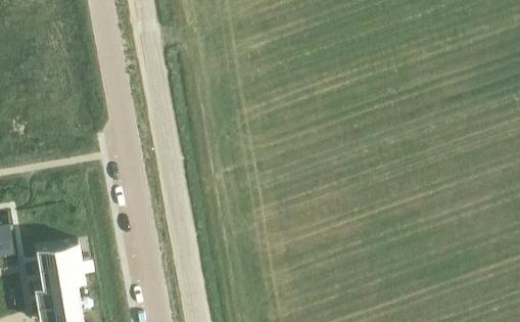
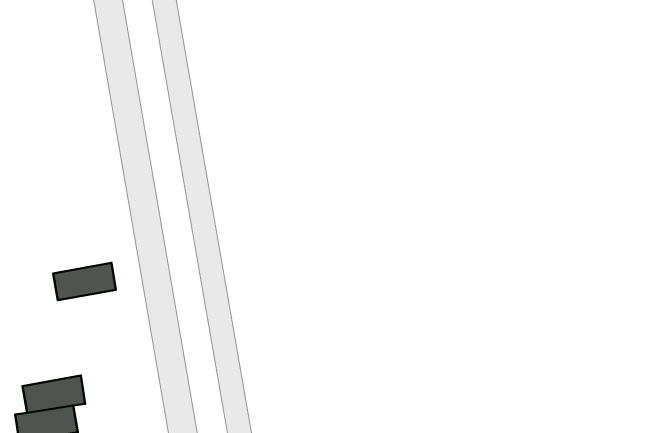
building: [38,245,81,271] -> [53,263,116,300]

